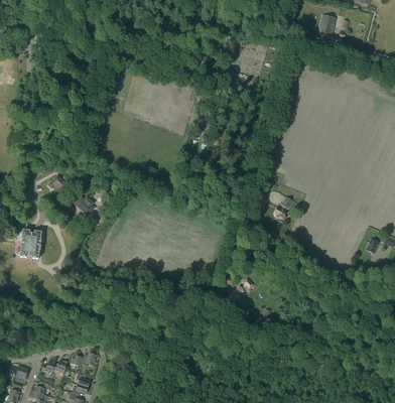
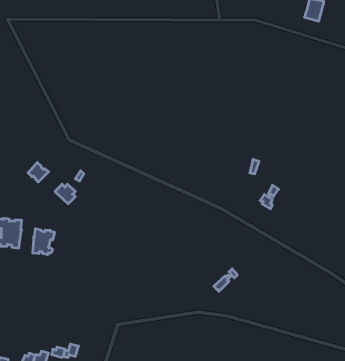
building: none -> [33,229,54,255]

